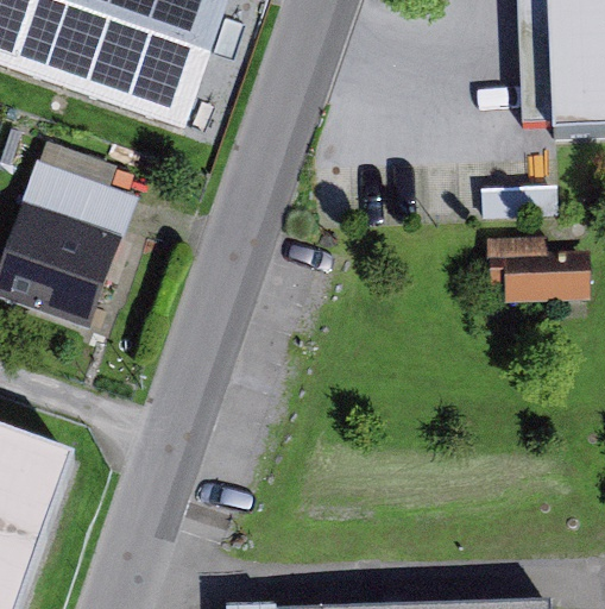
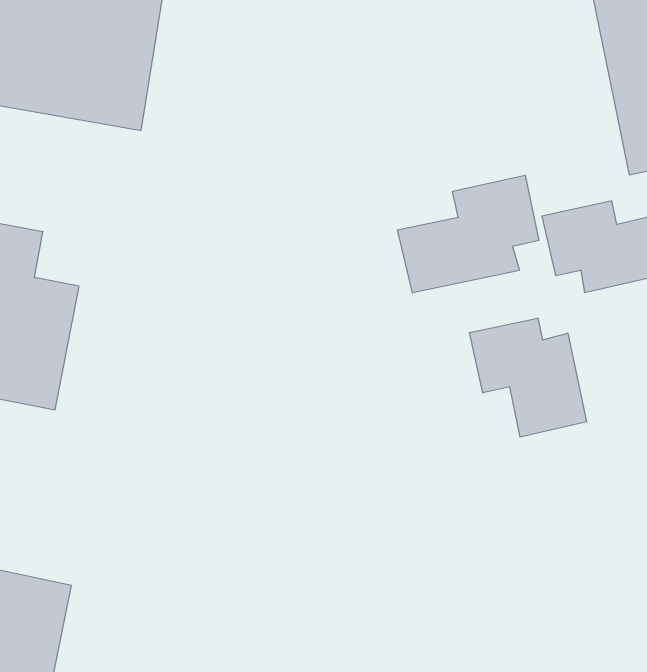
building: none -> [398,175,539,293]
building: none -> [469,318,586,437]

